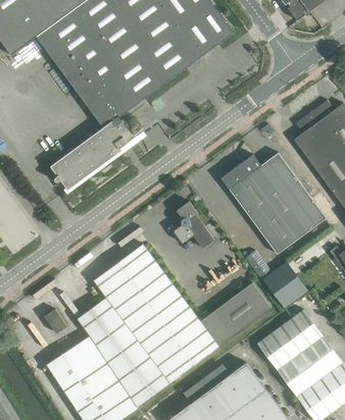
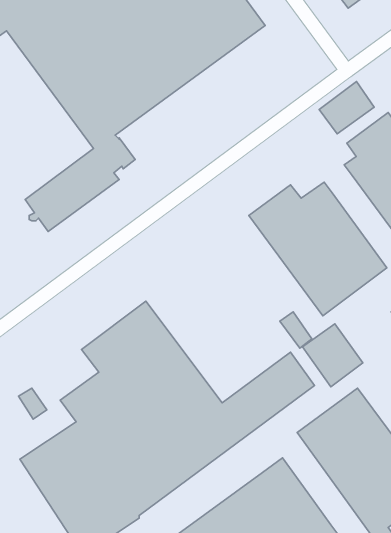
building: none -> [319,82,374,134]
building: [172,201,213,247] -> none

